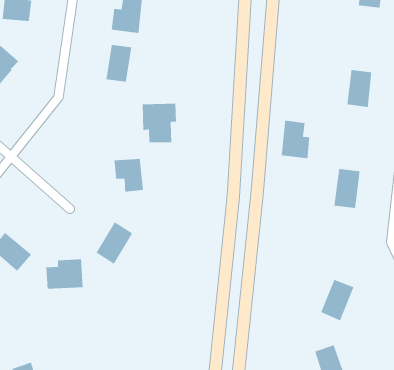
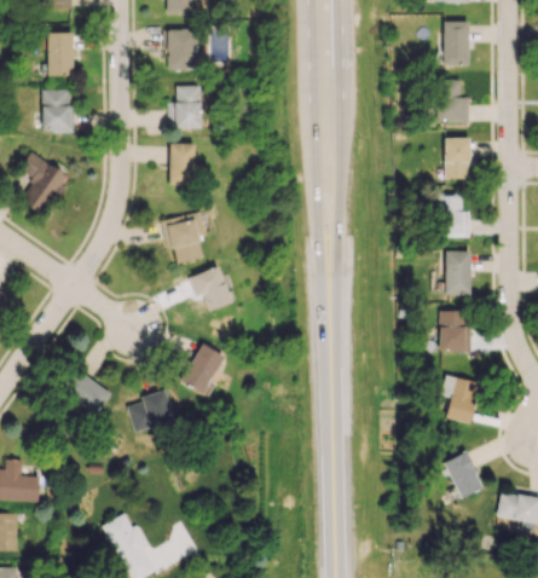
building: none -> [434,80,469,122]
building: [142,103,177,143] -> [163,213,206,262]
building: [281,120,310,159] -> [438,196,470,237]
building: none -> [439,311,472,352]

